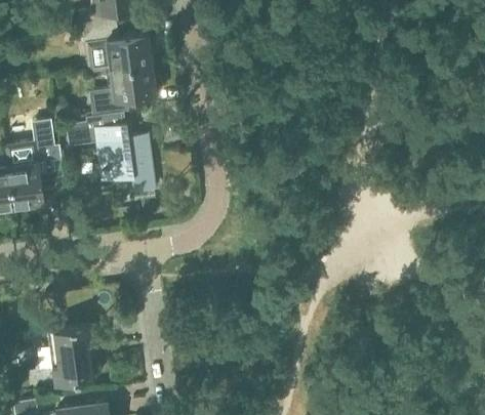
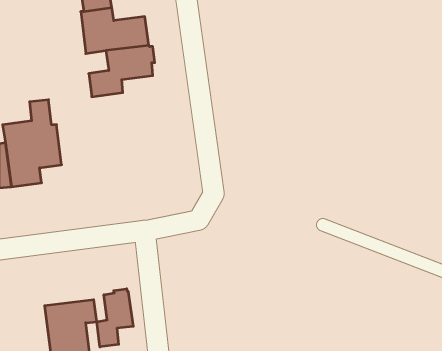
building: [65,116,155,192] -> none
building: none -> [97,289,133,347]

